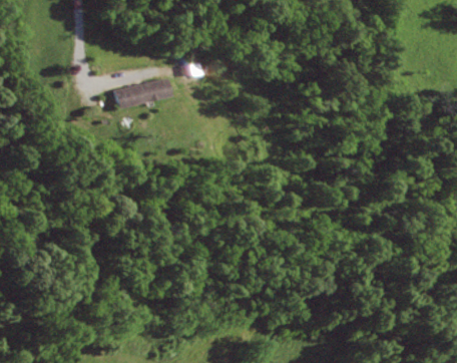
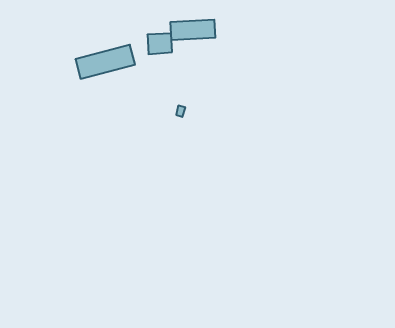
building: none -> [171,20,215,40]

